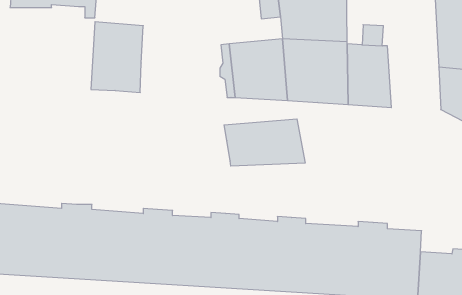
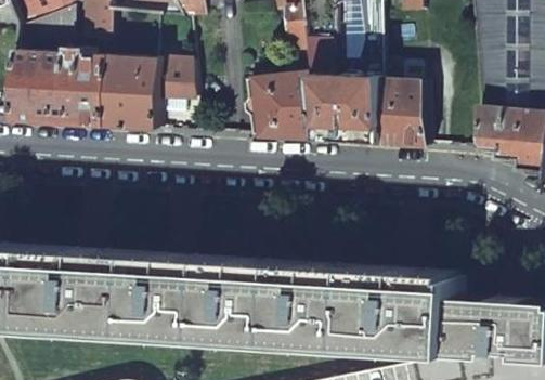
building: none -> [14,48,111,126]
building: none -> [160,57,196,99]
building: [224,119,305,166] -> none

